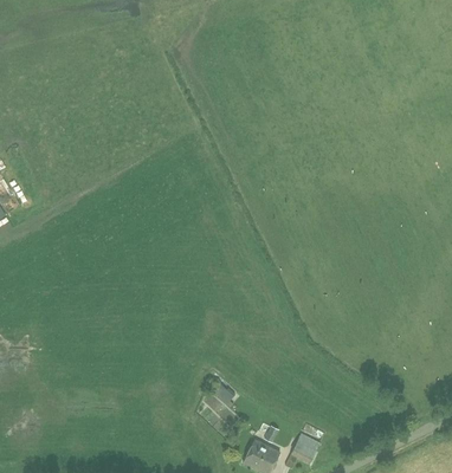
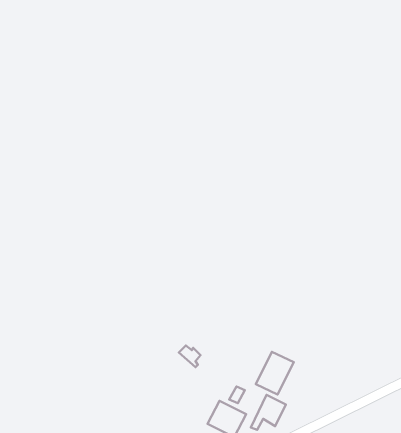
building: none -> [256,352,294,394]

